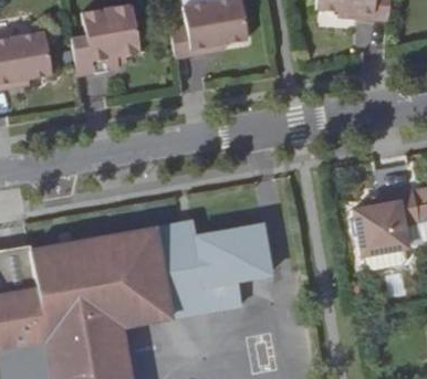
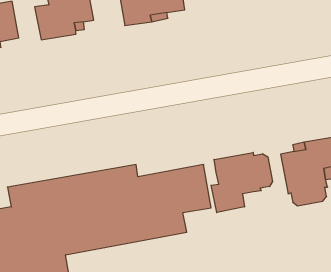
building: none -> [211,152,272,213]

